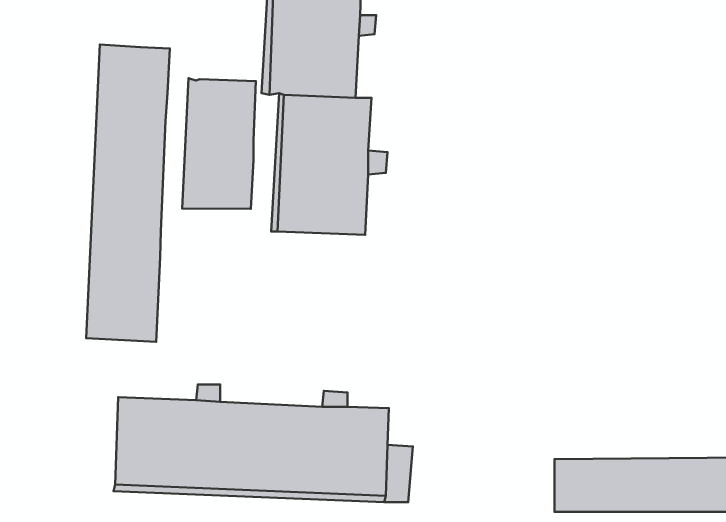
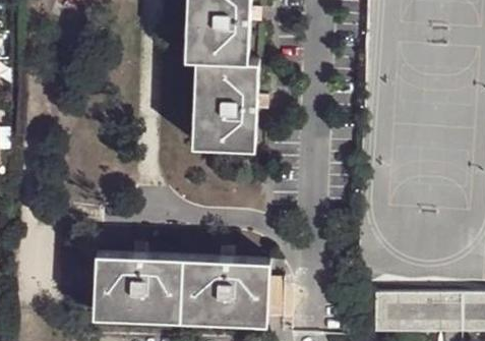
building: [86,45,170,342] -> none
building: [182,78,256,209] -> none

